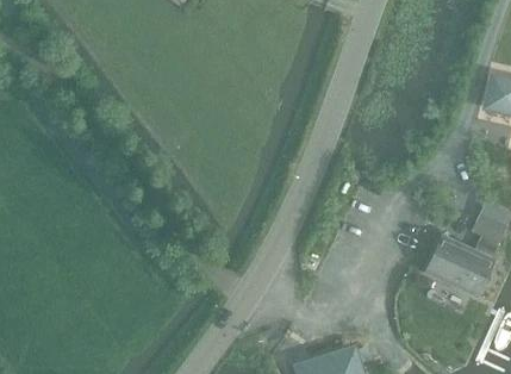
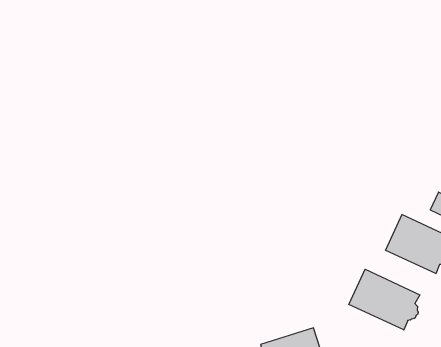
building: none -> [349,269,420,330]

